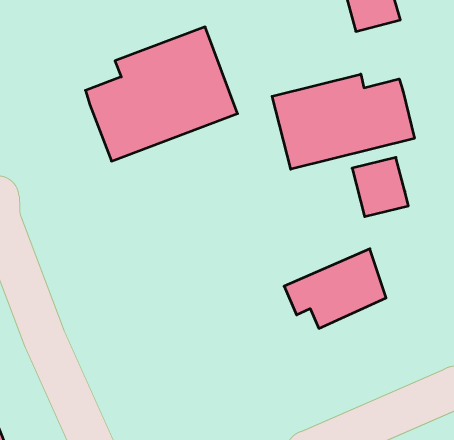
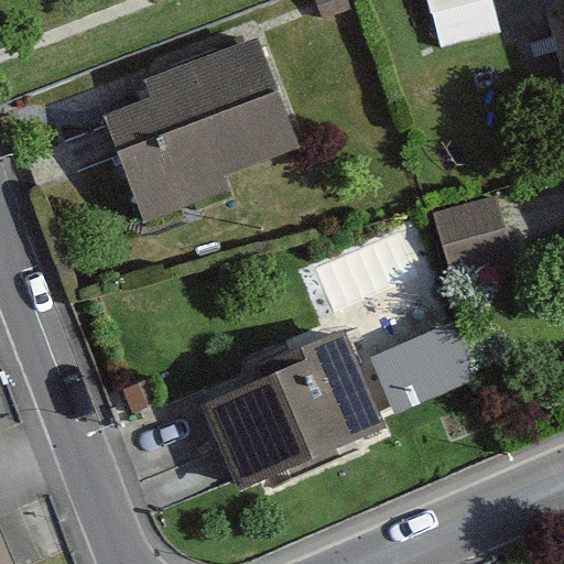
building: [272,74,414,169] -> none
building: none -> [205,334,381,487]

